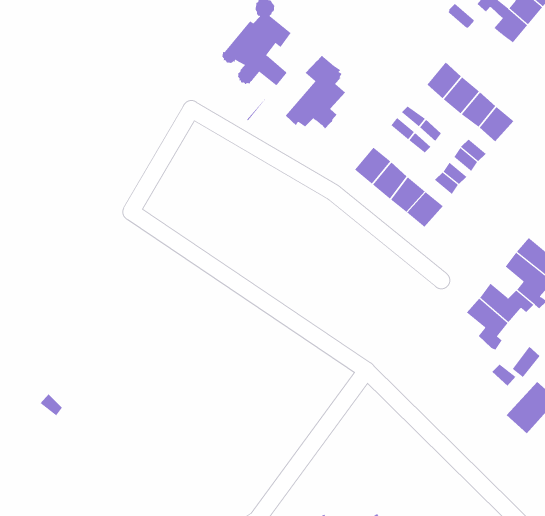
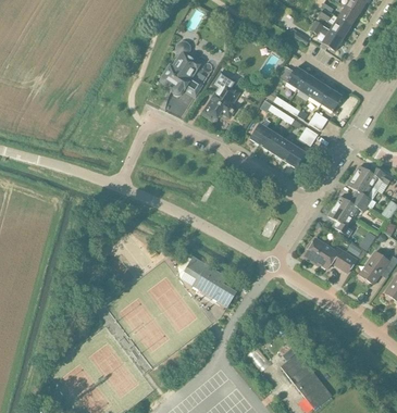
building: none -> [305,238,357,272]
building: none -> [185,256,236,305]

